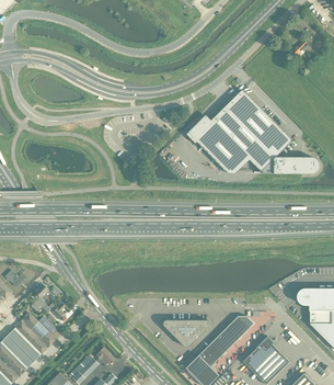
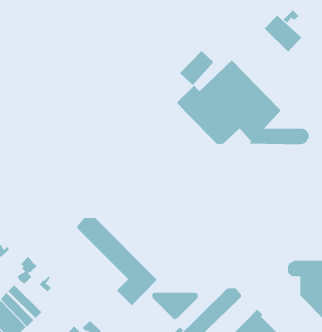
building: none -> [264,15,302,52]
building: none -> [179,50,214,86]
building: none -> [77,217,158,306]

